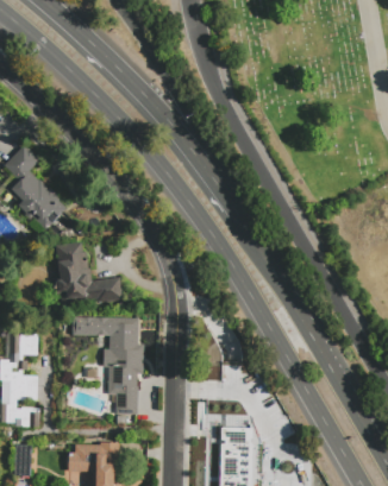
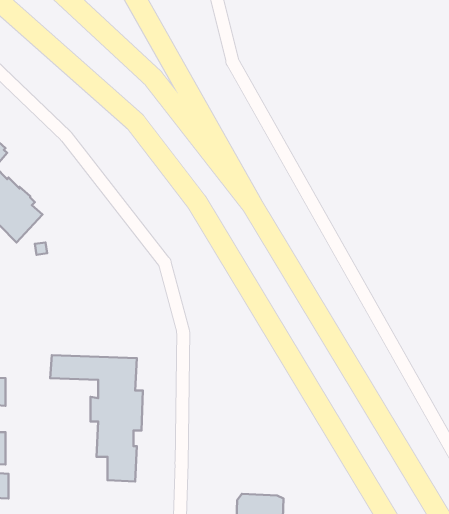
building: [54,242,123,303] -> none

